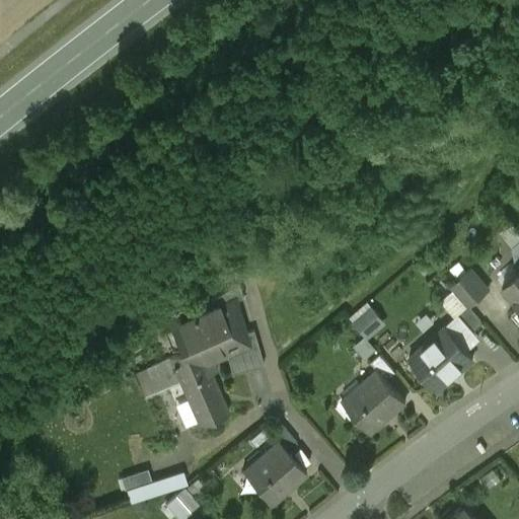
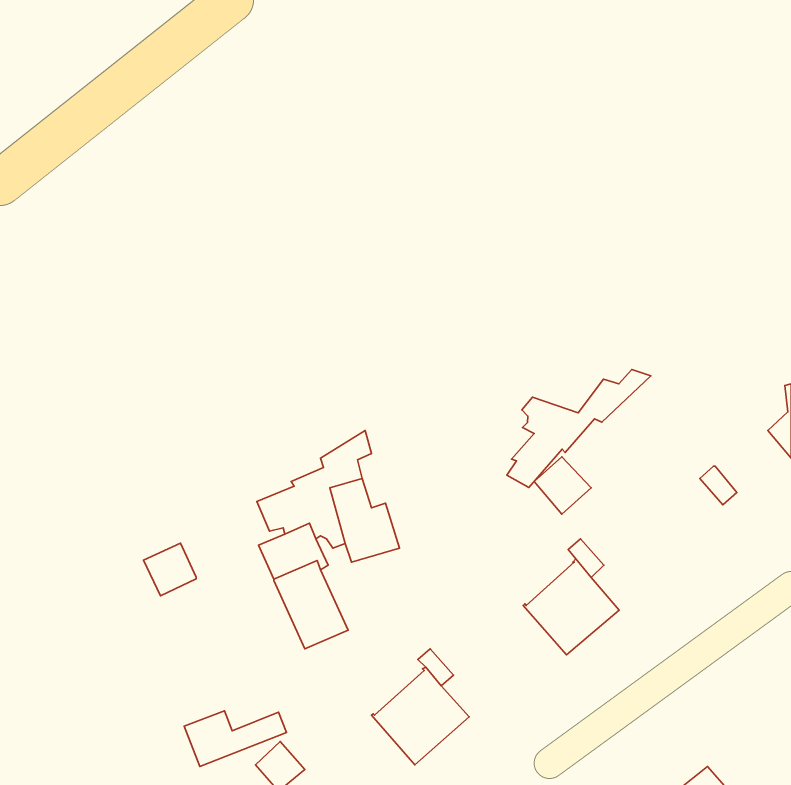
building: none -> [507,370,651,488]
building: [451,273,488,309] -> none
building: [409,328,472,392] -> none
building: [145,361,179,395] -> [143,543,196,596]

